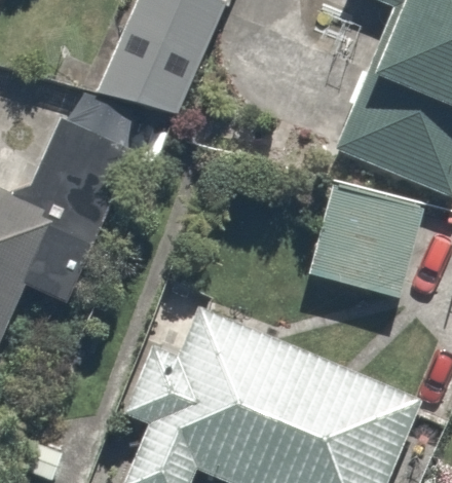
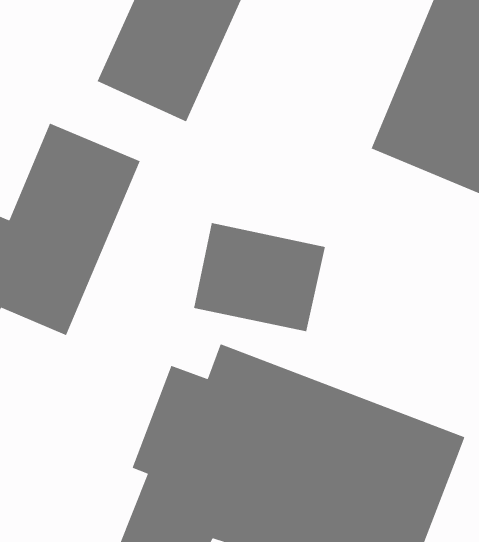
building: [307,176,417,292] -> none
building: none -> [193,222,326,332]

